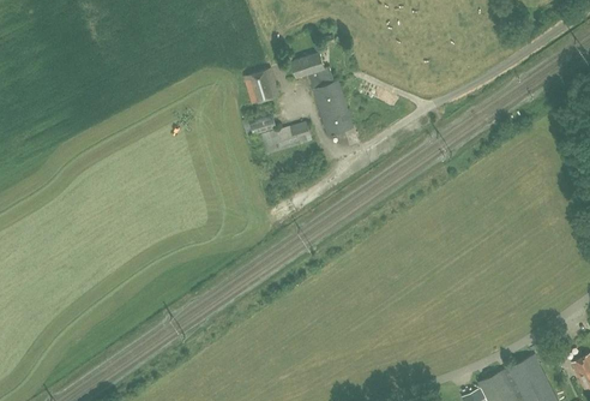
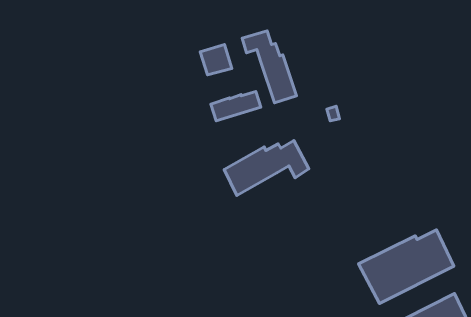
building: none -> [224,140,309,195]
building: none -> [359,230,454,303]

